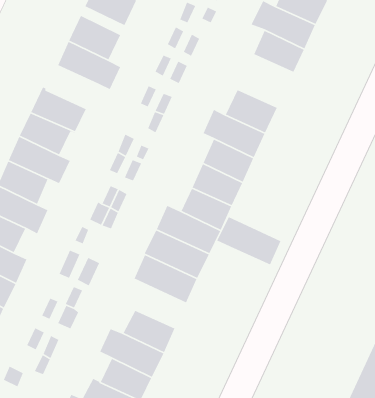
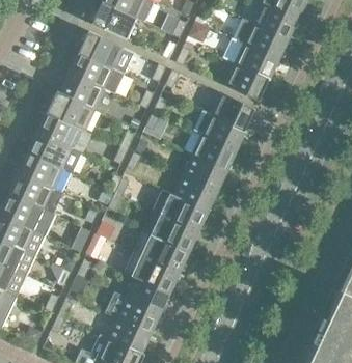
building: none -> [224,63,269,101]
building: none -> [60,73,104,109]
building: [216,216,282,266] -> [124,252,179,294]

